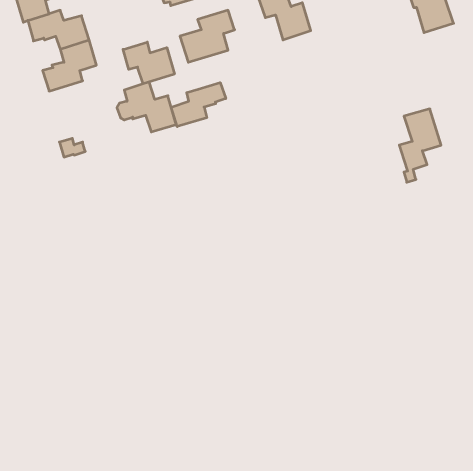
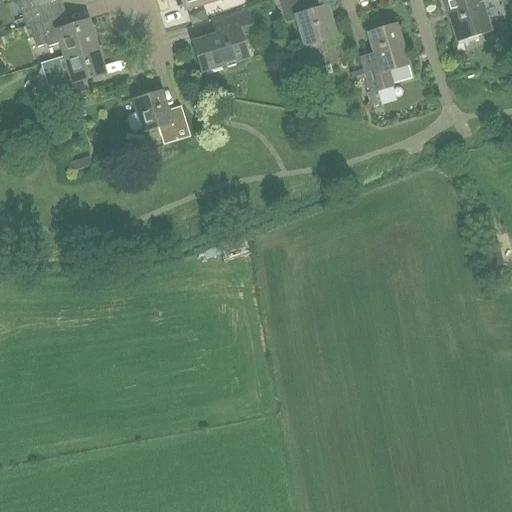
building: [123,42,174,84] -> none
building: [171,83,226,127] -> none
building: [399,109,441,182] -> [362,22,407,101]

